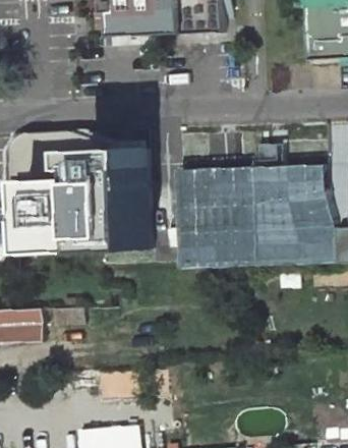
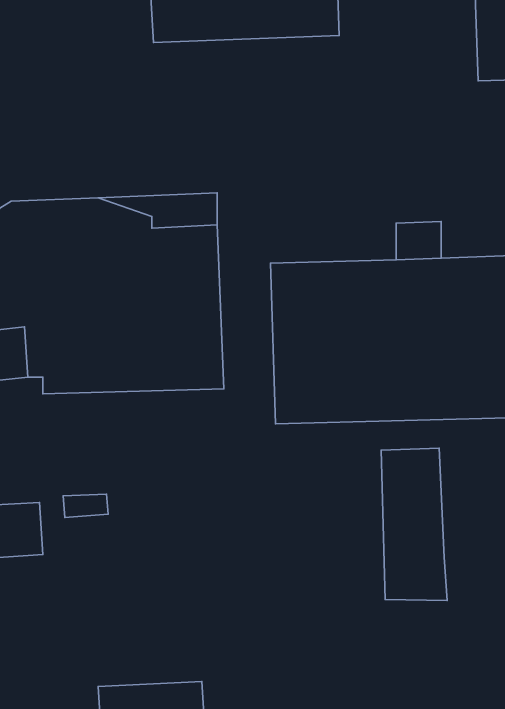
building: none -> [381,448,447,600]

